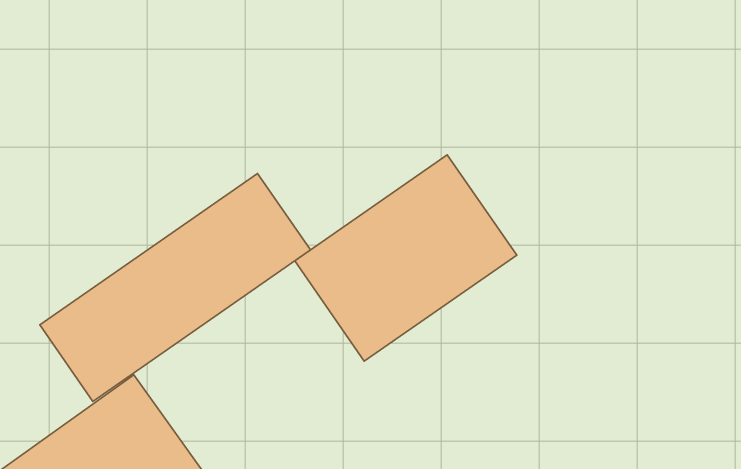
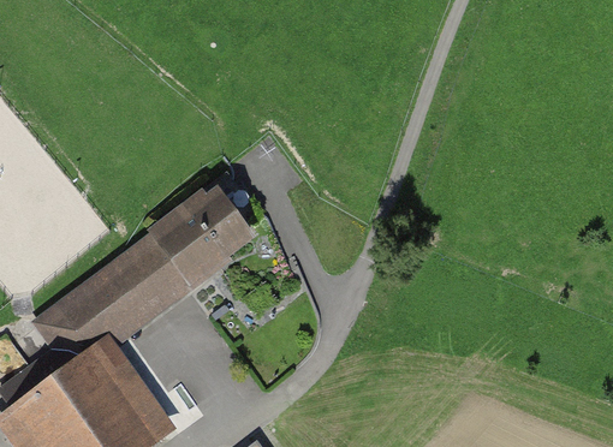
building: [295,155,517,361] -> none

